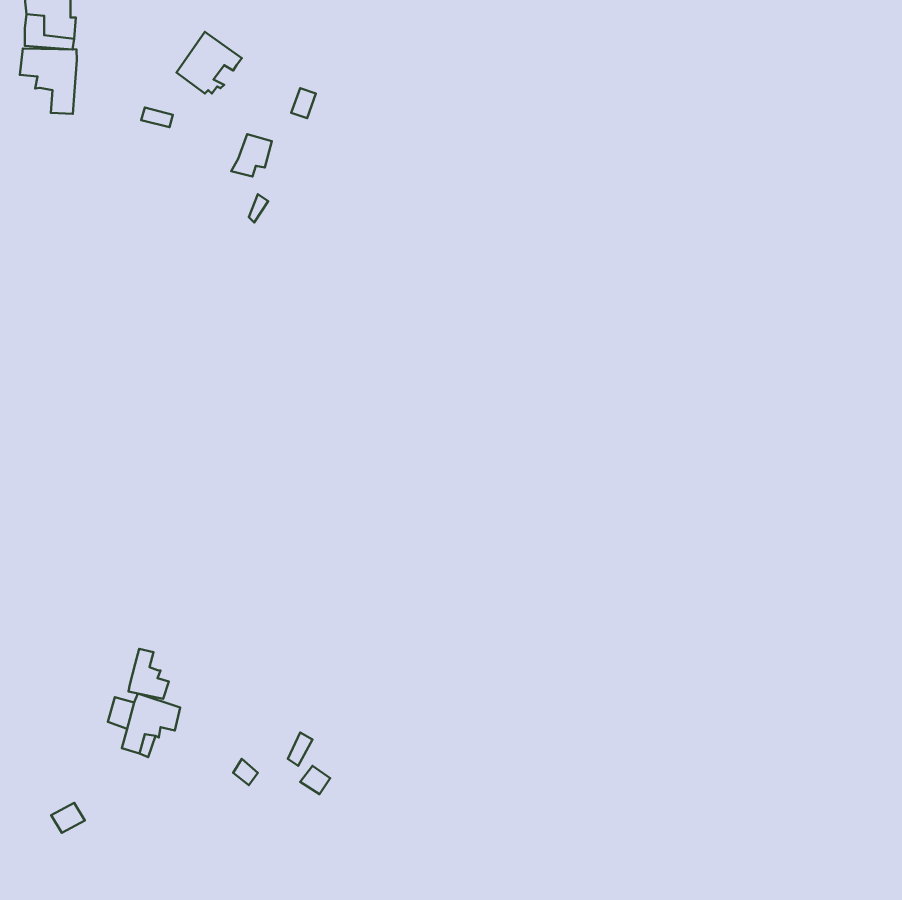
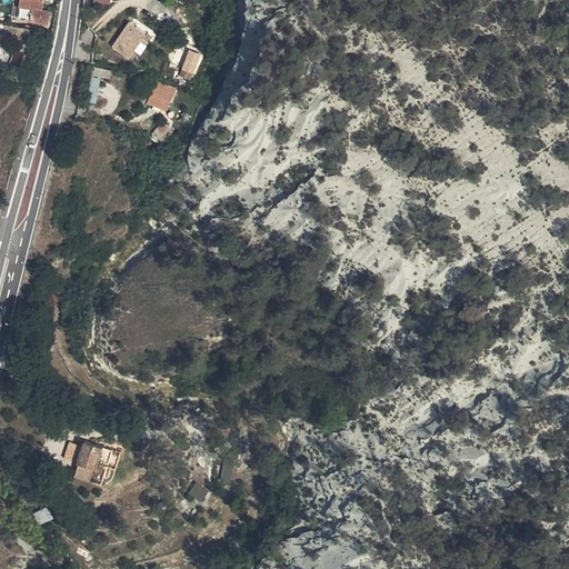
building: [20,49,77,114] -> none
building: [129,649,169,699] -> none

